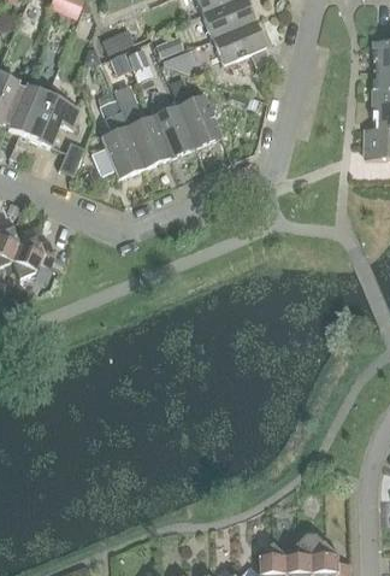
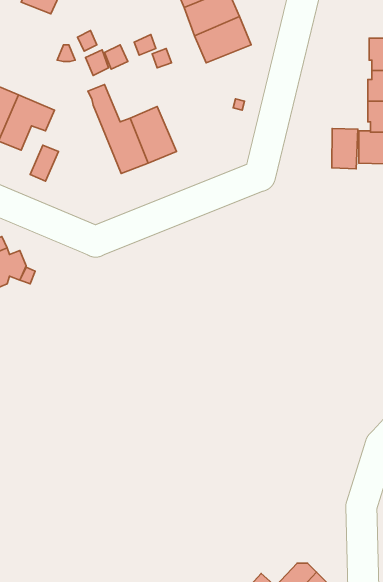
building: [169,77,220,147] -> none
building: [91,98,143,178] -> none
building: none -> [332,129,358,169]

